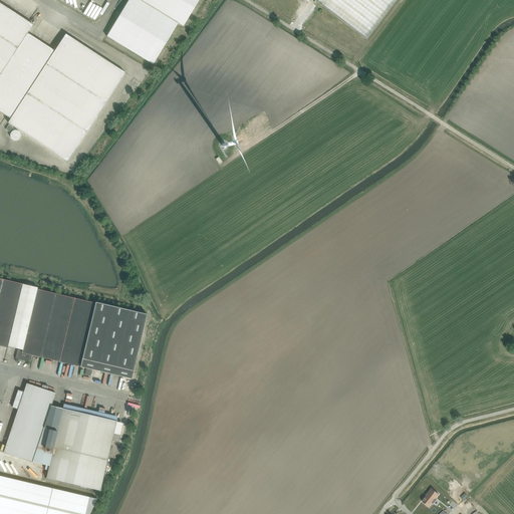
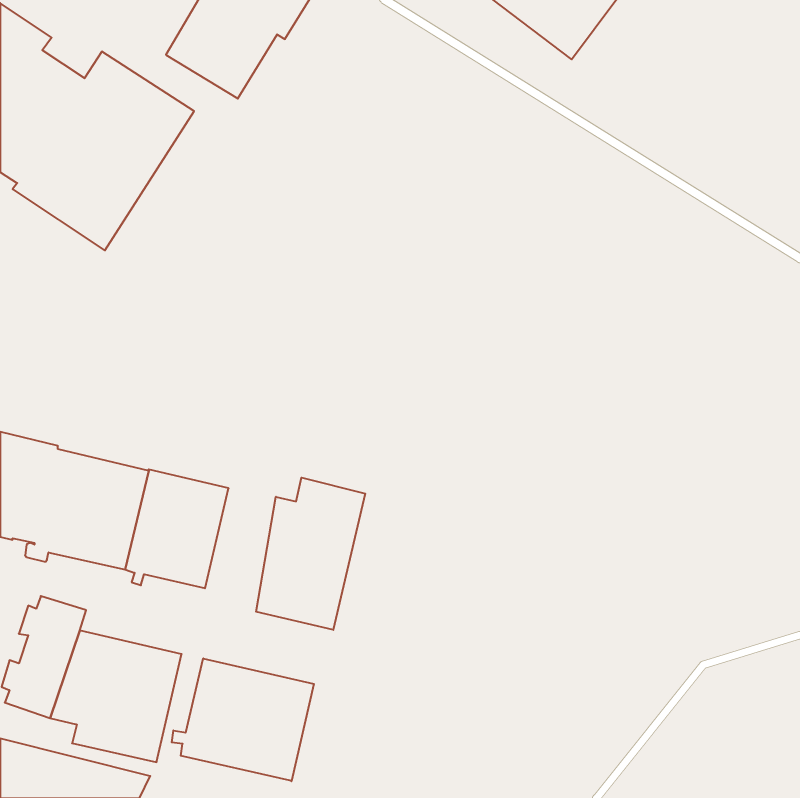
building: none -> [256,478,365,630]
building: none -> [172,658,314,781]

